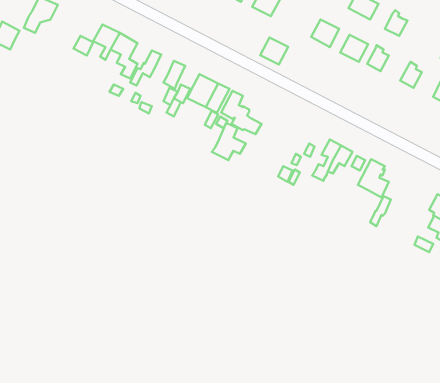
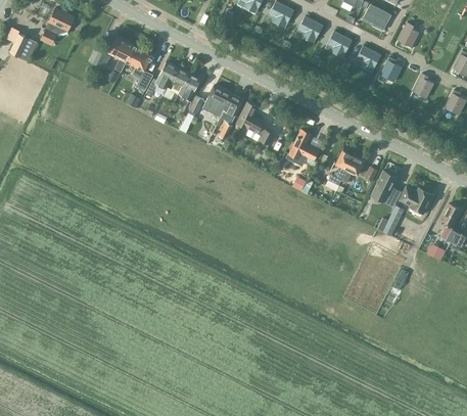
building: [260,38,288,64] -> [295,16,323,43]
building: none -> [162,65,189,99]
building: [212,123,246,160] -> [286,129,320,166]
building: none -> [402,187,432,213]

